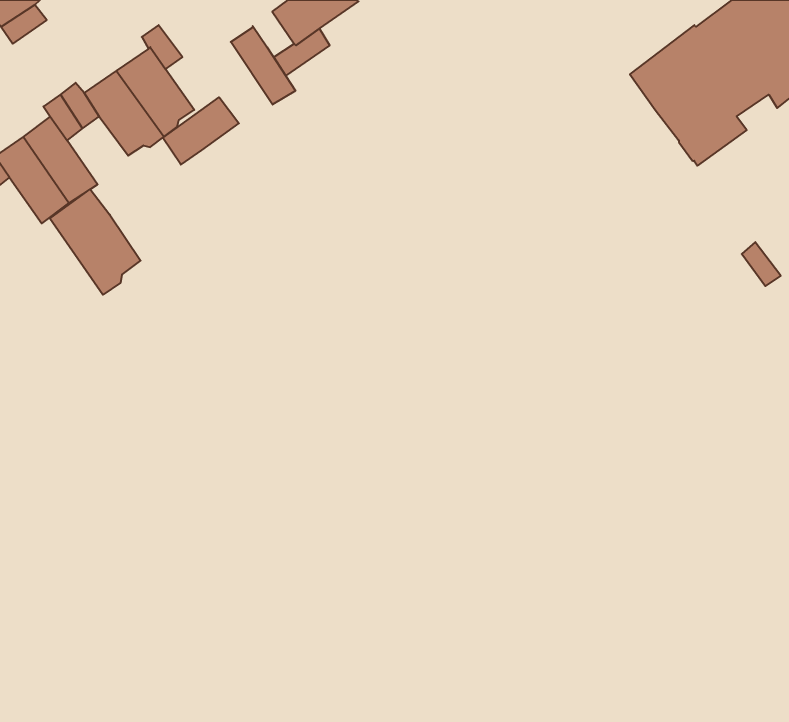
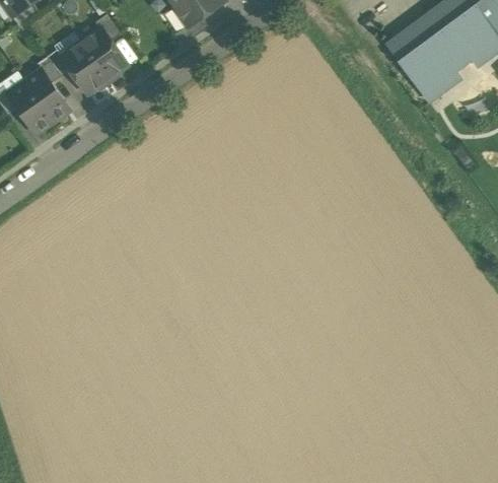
building: [231,26,295,105] -> none
building: [163,97,239,165] -> none
building: [50,189,141,295] -> none

